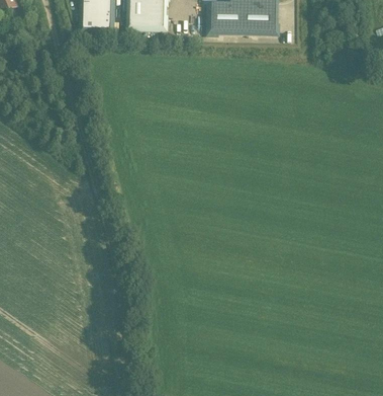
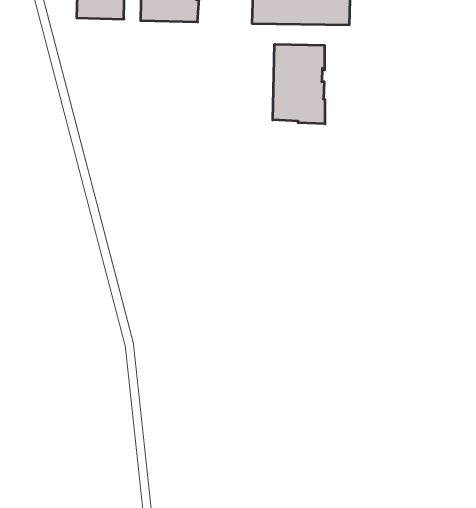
building: none -> [273,44,325,124]

